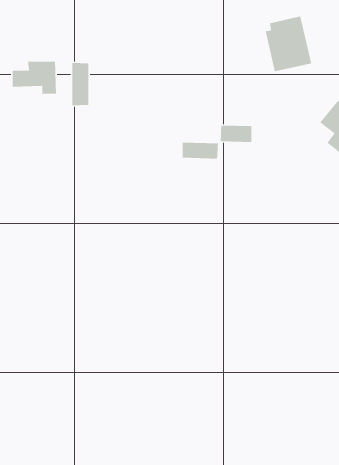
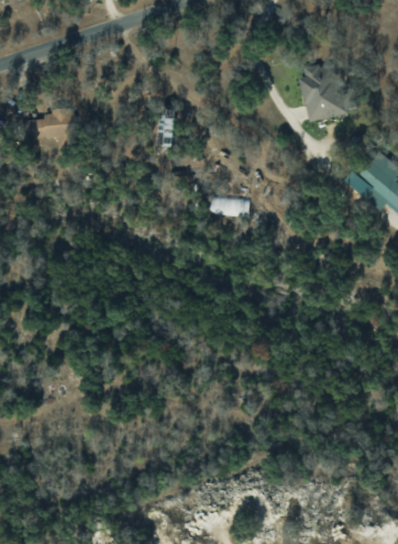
building: [71,62,89,106] -> none
building: [220,125,252,143] -> none

